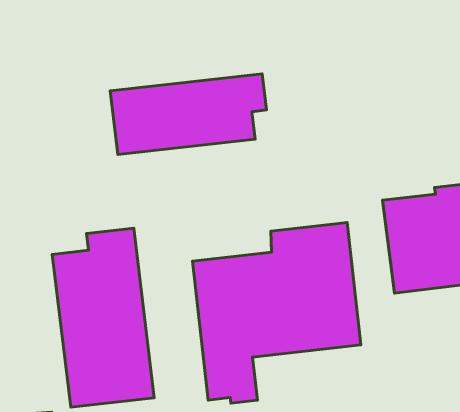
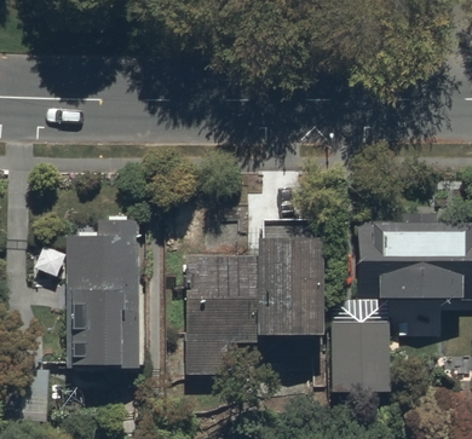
building: [110,74,267,155] -> none
building: none -> [330,320,388,391]

